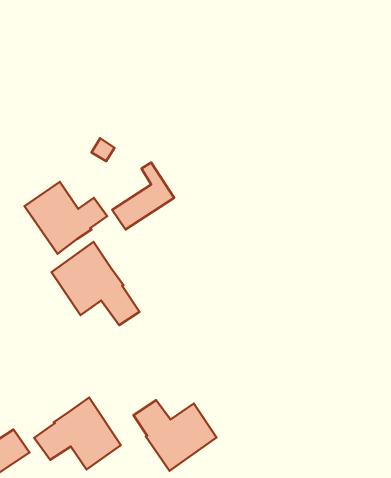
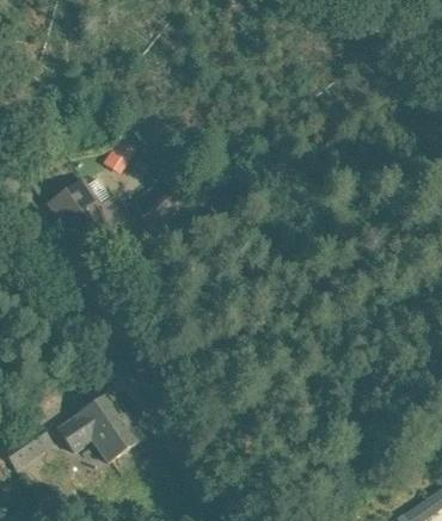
building: [52,242,140,325] -> none
building: [133,400,216,471] -> none

